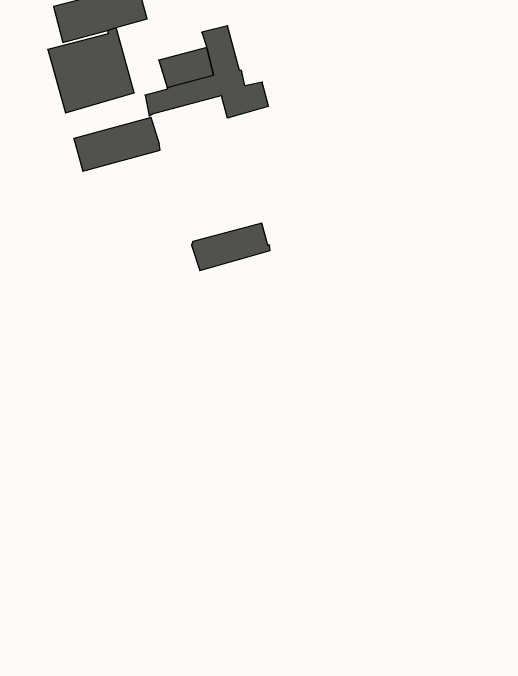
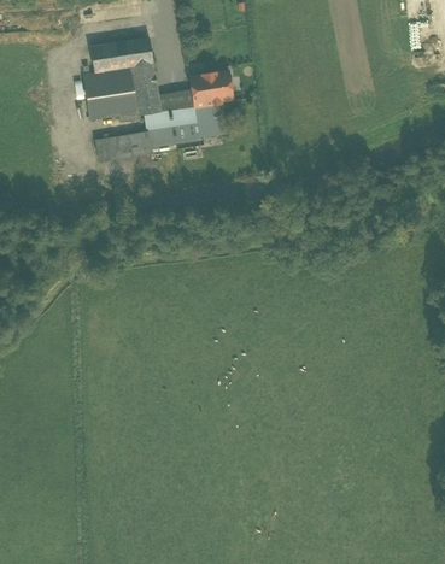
building: none -> [207,70,234,105]
building: none -> [131,63,162,116]
building: [192,223,270,271] -> [148,121,201,148]

